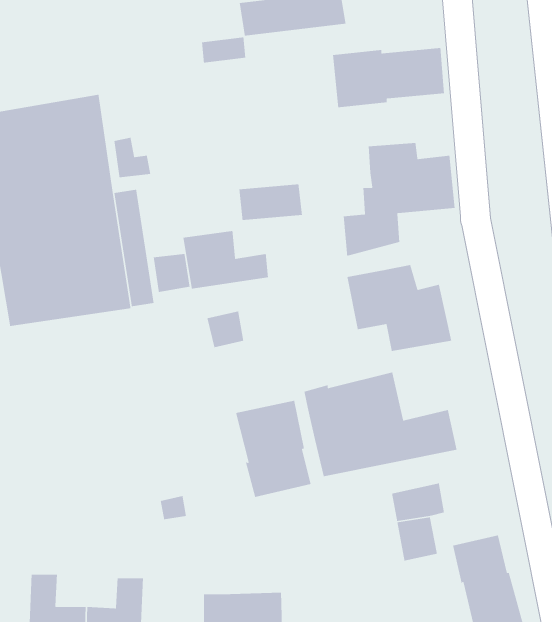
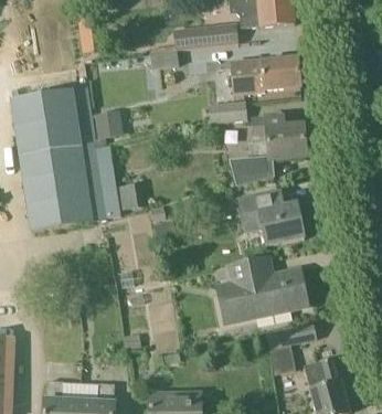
building: [238,183,303,221] -> [209,99,248,123]
building: [182,230,269,289] -> none
building: [235,400,311,498] -> none

